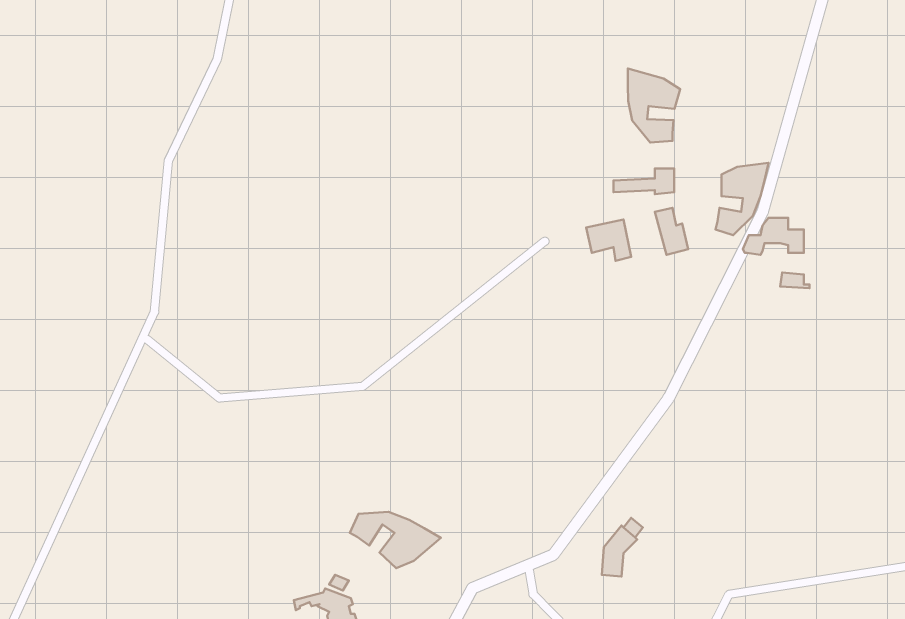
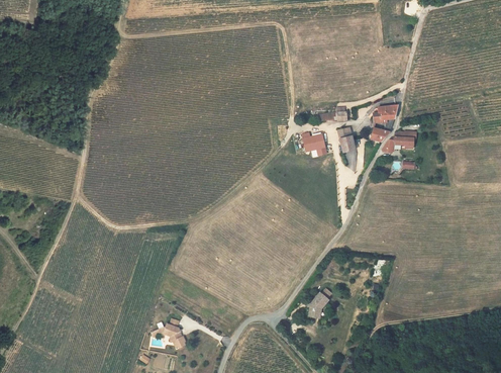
building: [628,69,680,143] -> none
building: [350,512,441,568] -> none

